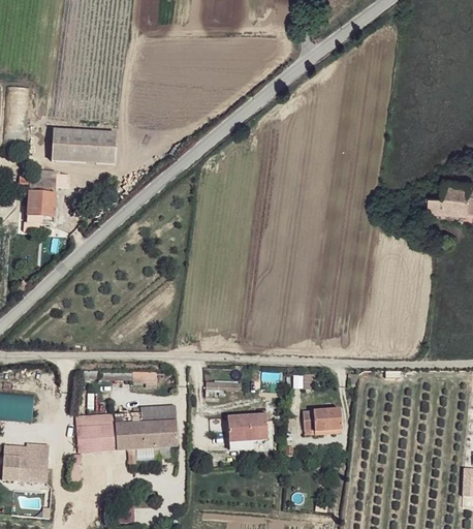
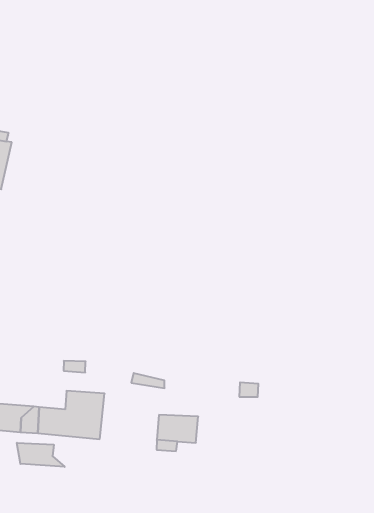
building: [50,128,114,161] -> none
building: [304,409,343,431] -> none
building: none -> [17,443,65,467]

